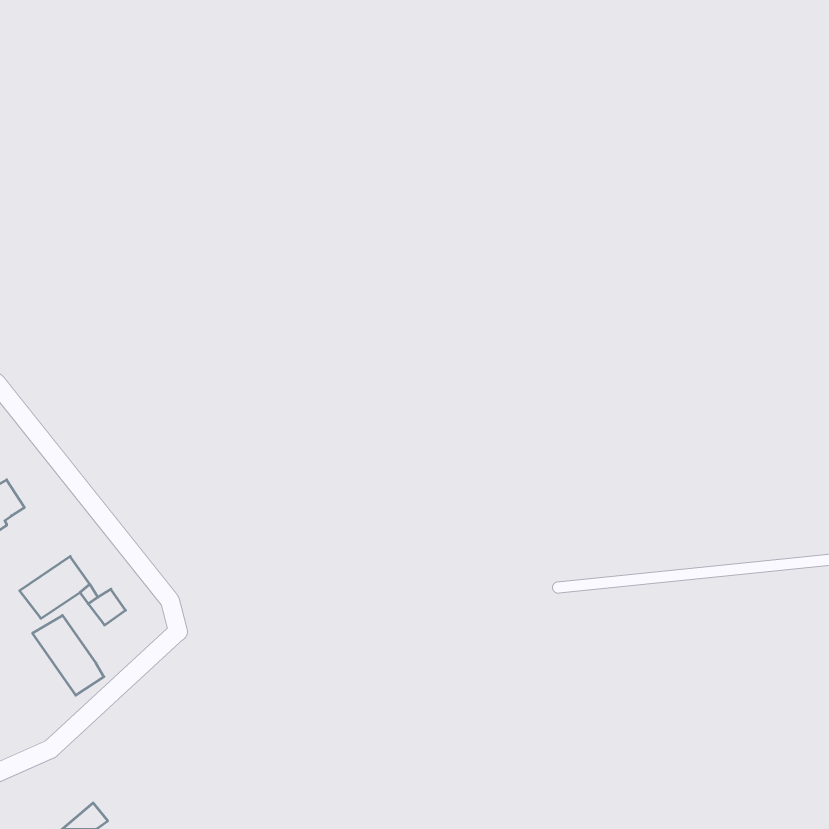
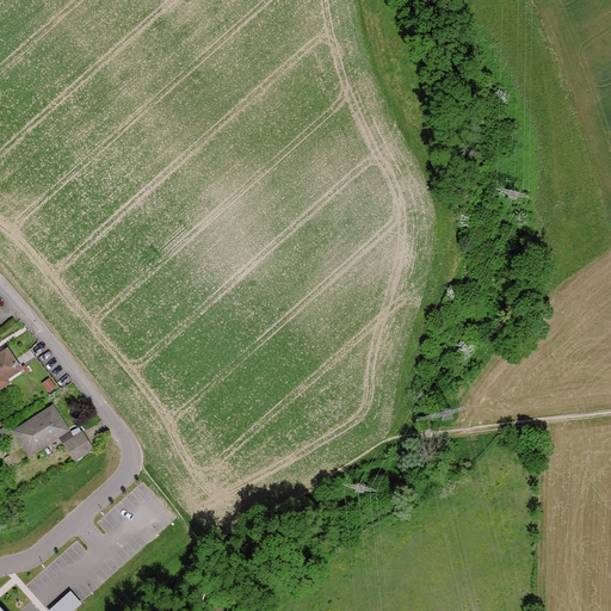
building: [33,615,104,695] -> none

